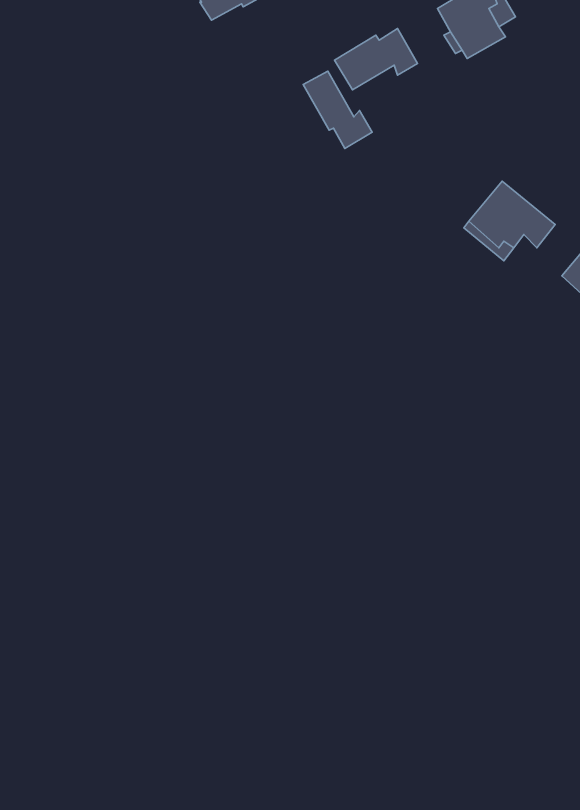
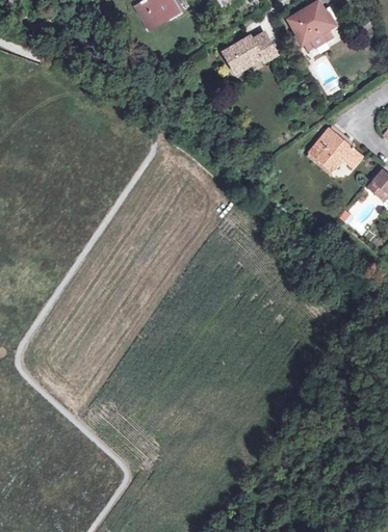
building: [303,71,372,149] -> none

